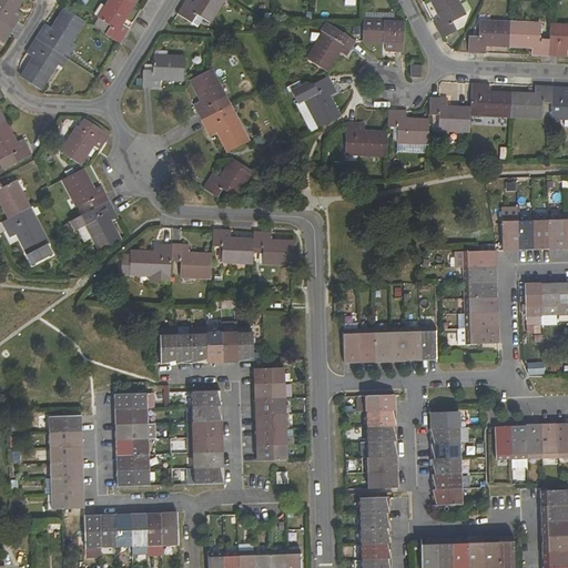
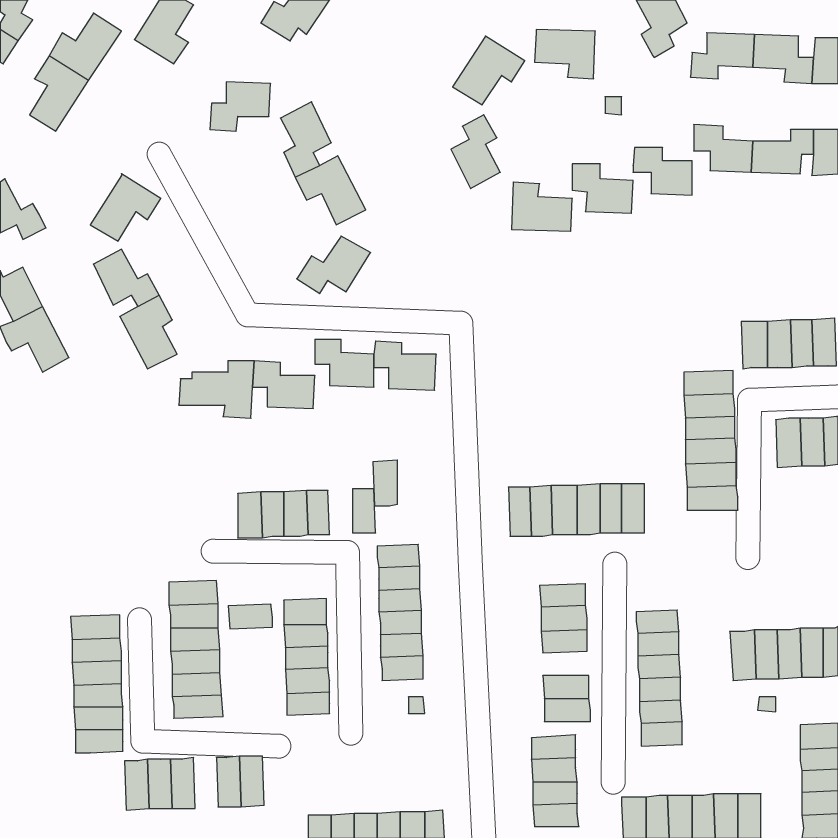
building: [222,331,239,362] -> [373,460,397,506]
building: [191,389,221,406] -> [228,604,272,629]
building: [367,440,398,457] -> none
building: [131,513,148,547] -> none

